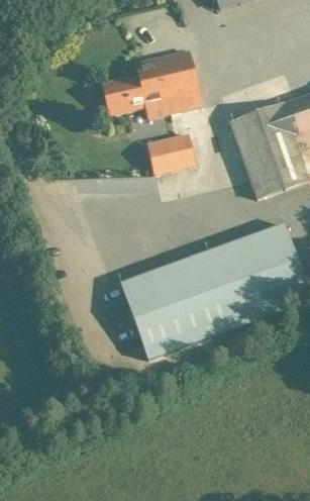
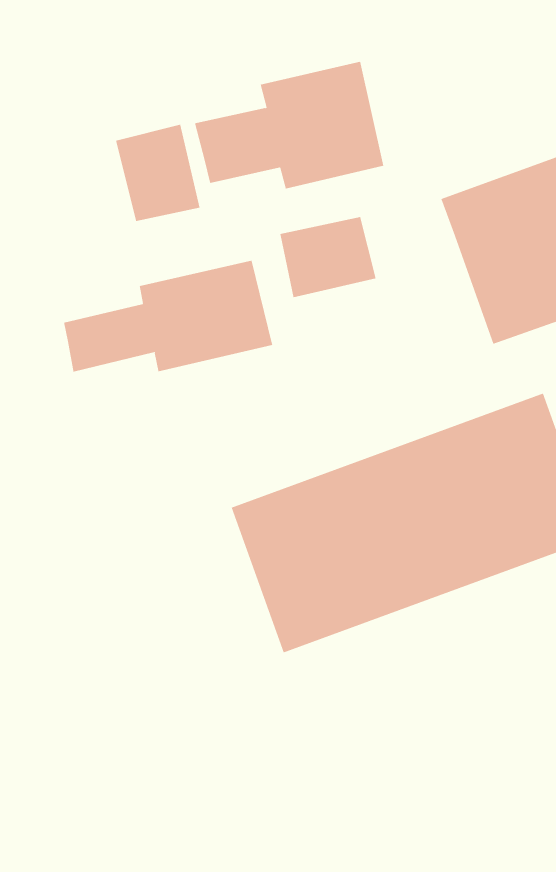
building: none -> [116,124,200,222]
building: none -> [63,260,273,372]

